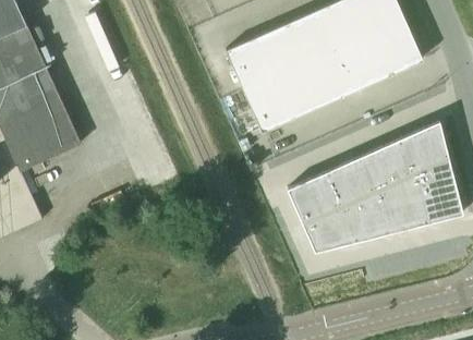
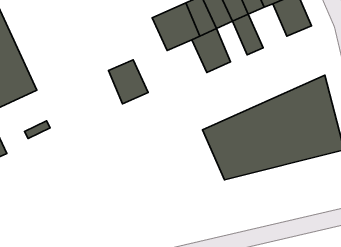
building: [343,34,391,88] -> none
building: [304,56,342,106] -> none
building: [243,78,292,133] -> [108,60,148,104]

